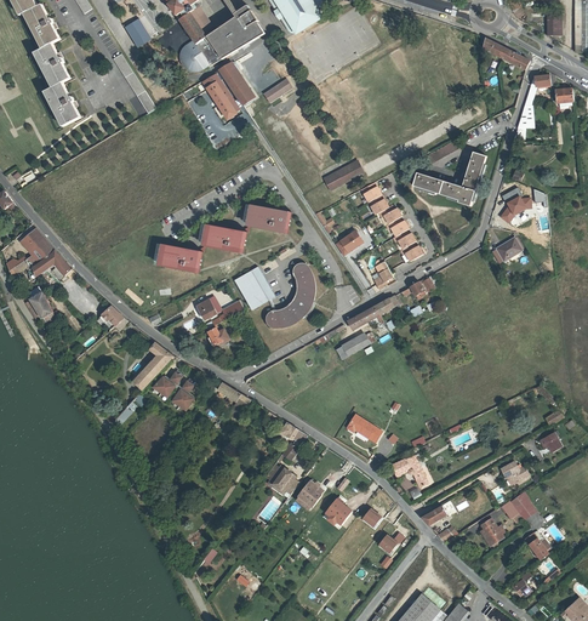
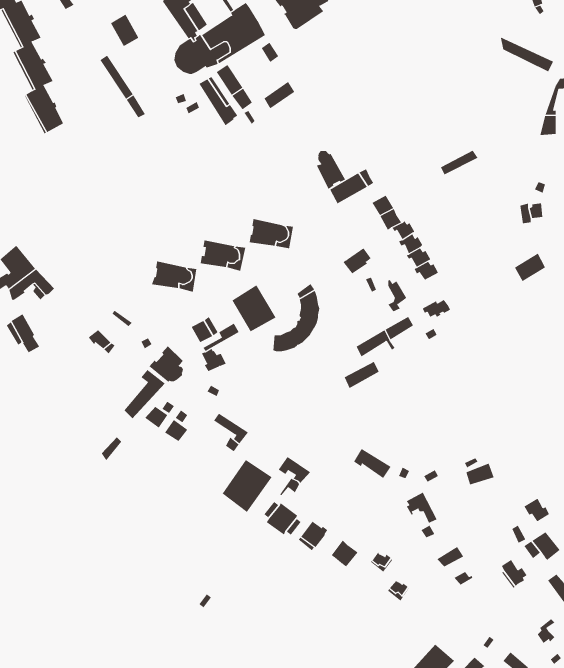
building: none -> [316,150,346,190]
building: [413,152,486,205] -> none
building: none -> [149,346,184,383]
building: none -> [222,459,273,513]

